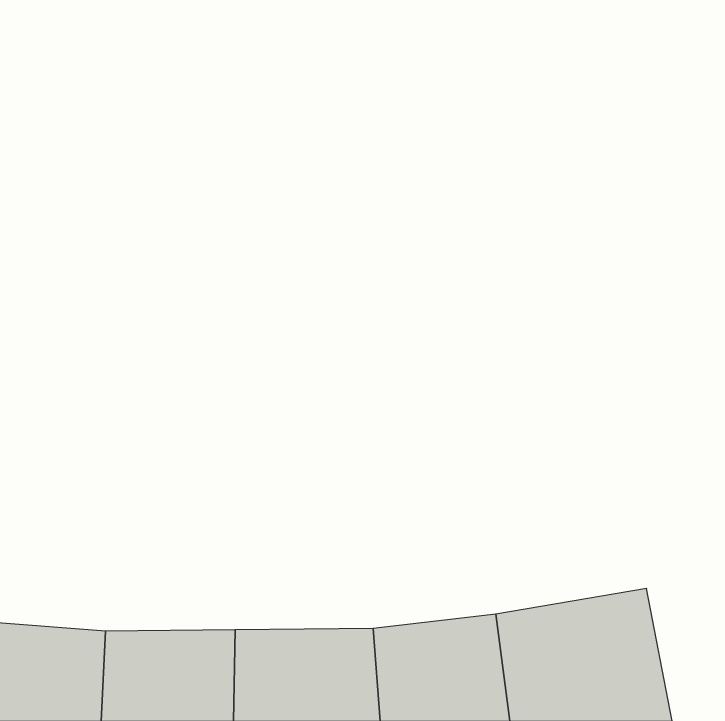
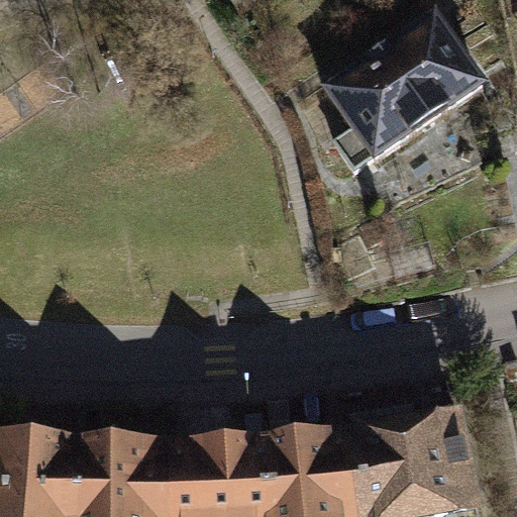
building: none -> [328,18,484,175]

